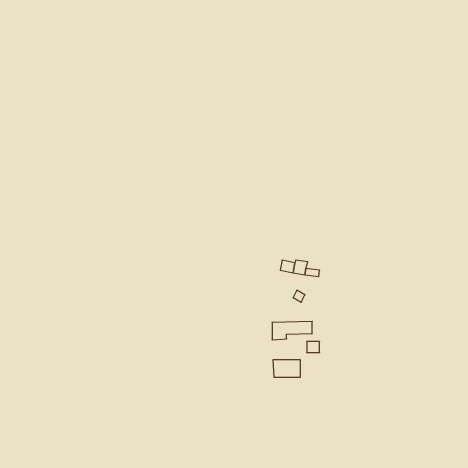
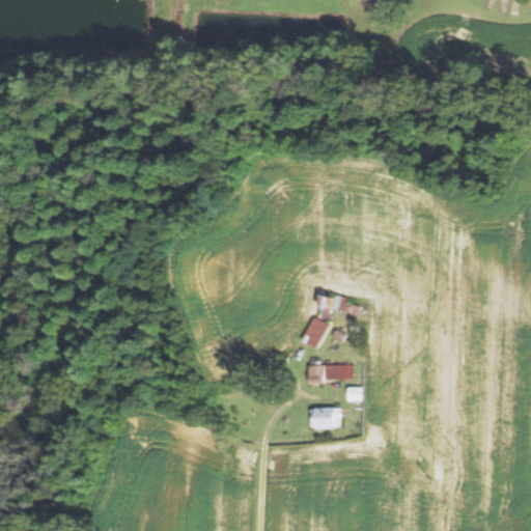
building: none -> [301,316,330,348]

